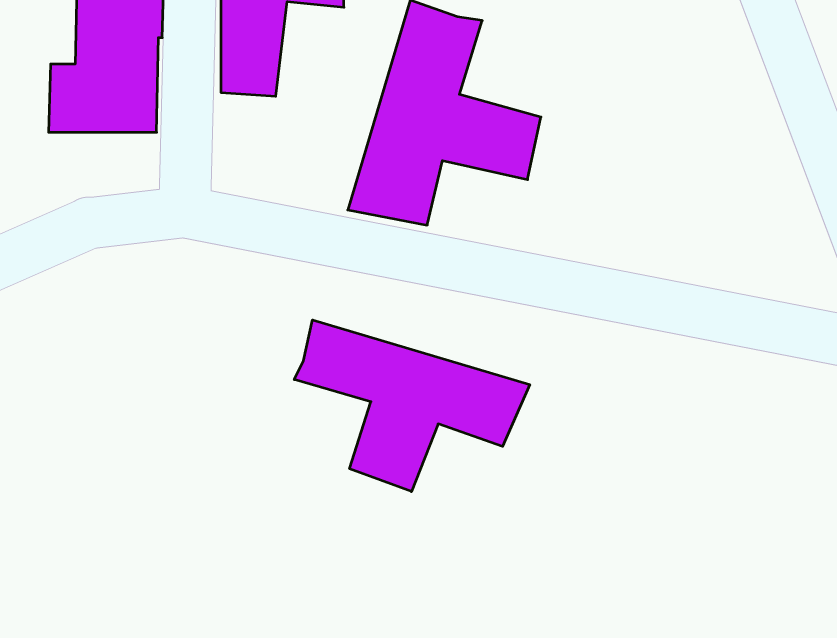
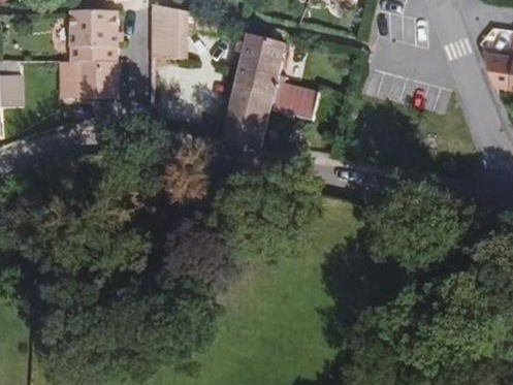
building: [294,320,530,492] -> none

